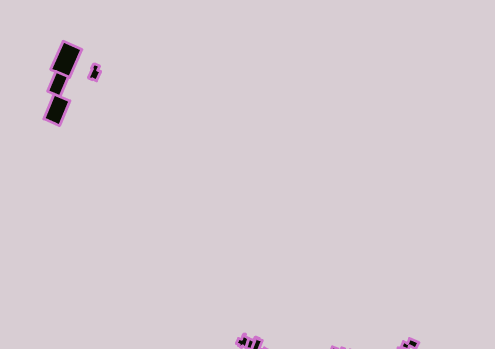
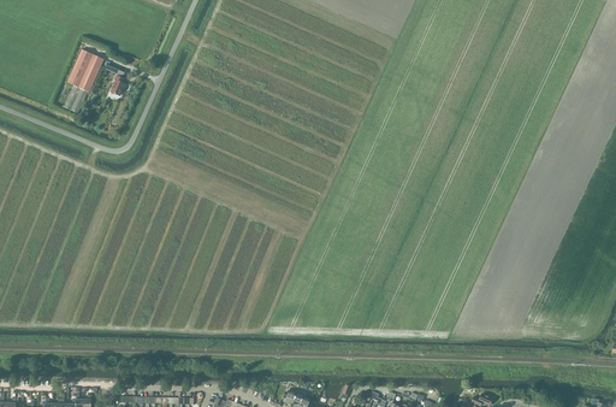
building: [44,94,70,126] -> none

